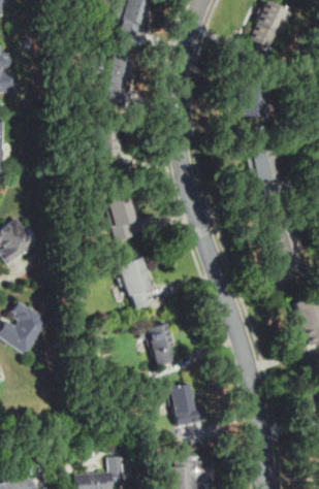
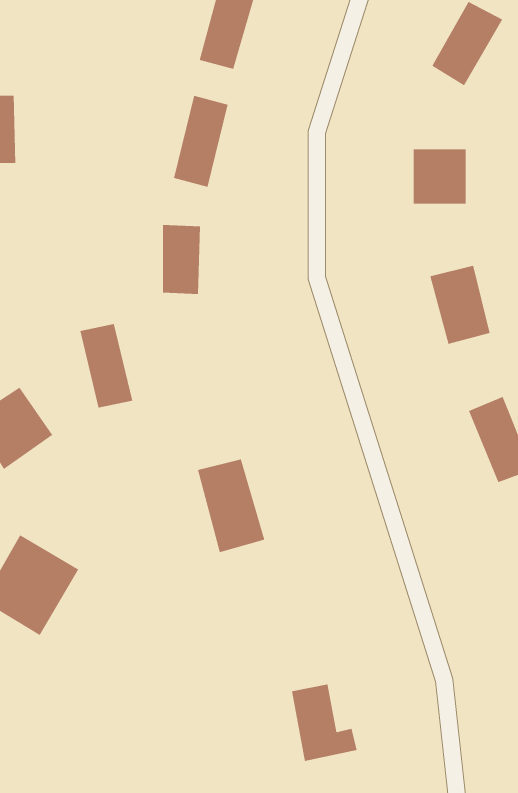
building: [107,193,137,240] -> [80,323,133,408]
building: [147,322,177,365] -> none

